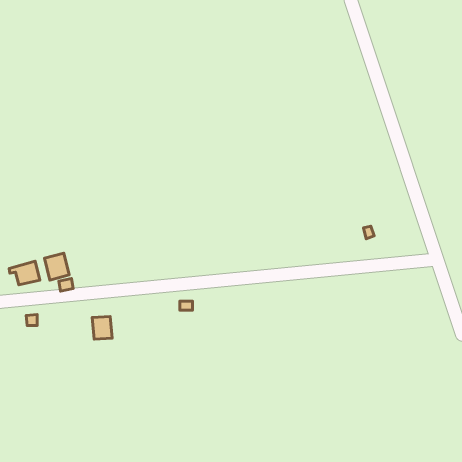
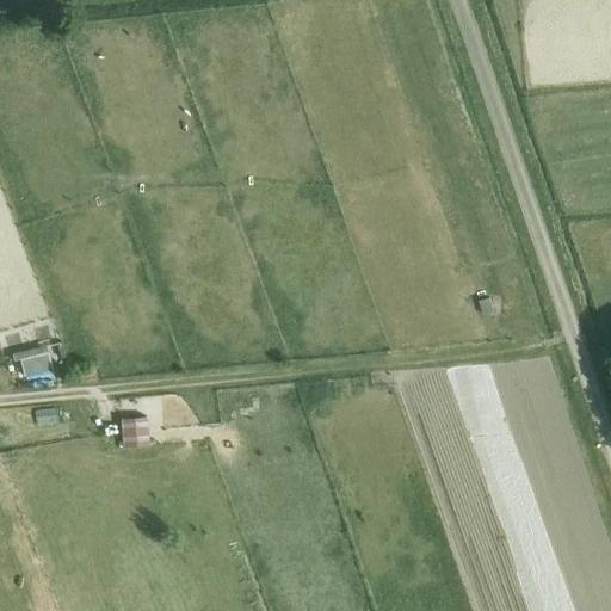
building: [45,253,69,280] -> none

